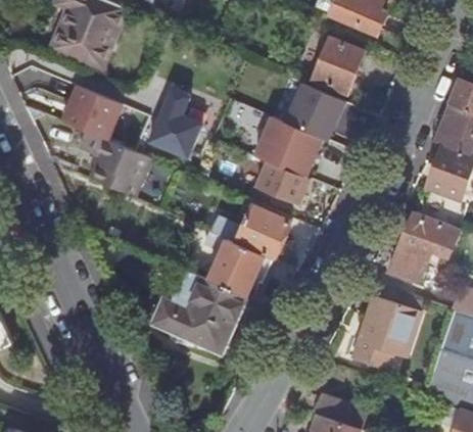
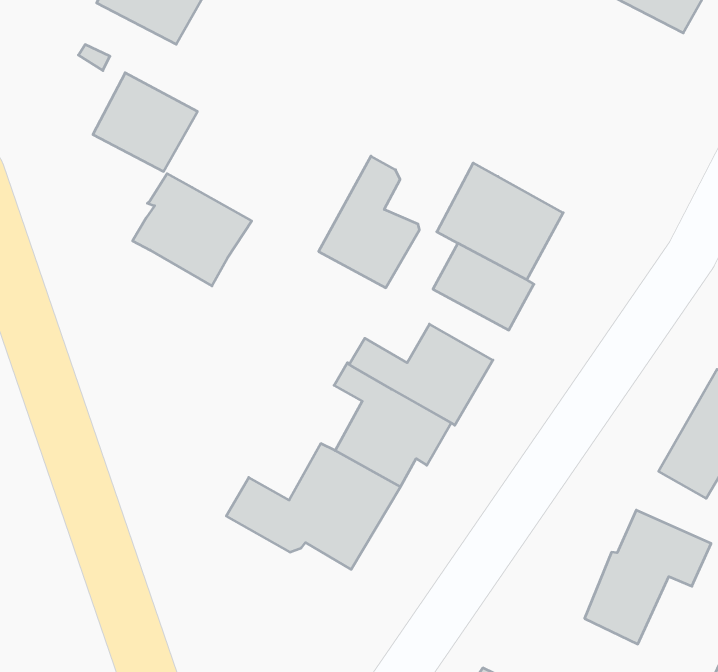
building: [312,37,366,92] -> none
building: [284,82,343,138] -> none
building: [147,86,201,157] -> [319,156,419,288]

